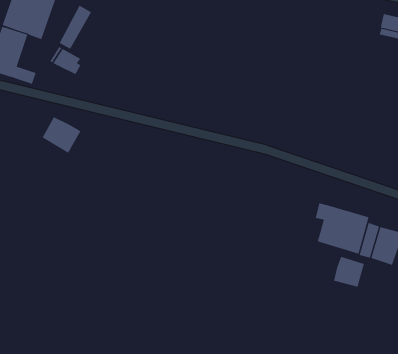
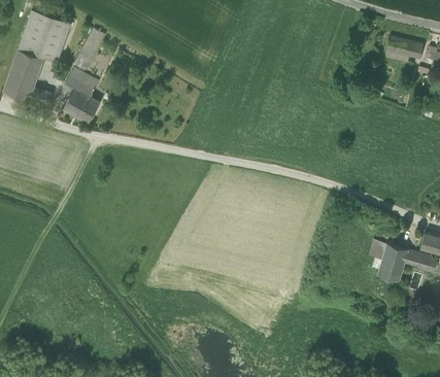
building: [42,116,81,154] -> [63,88,101,124]
building: [315,202,369,254] -> none
building: [334,256,365,287] -> none

